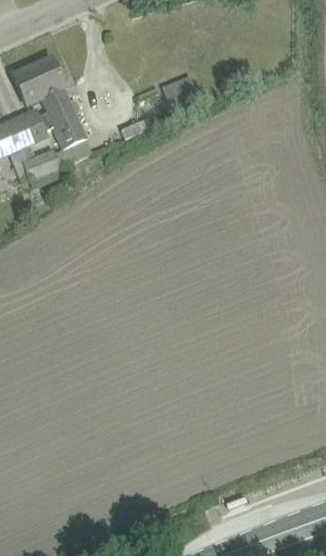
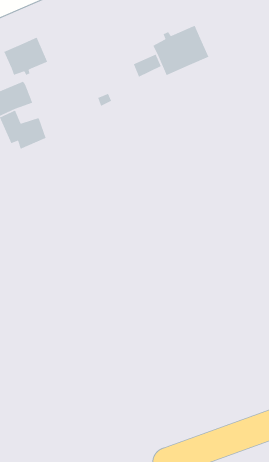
building: none -> [152,25,209,76]
building: [39,87,86,149] -> none

